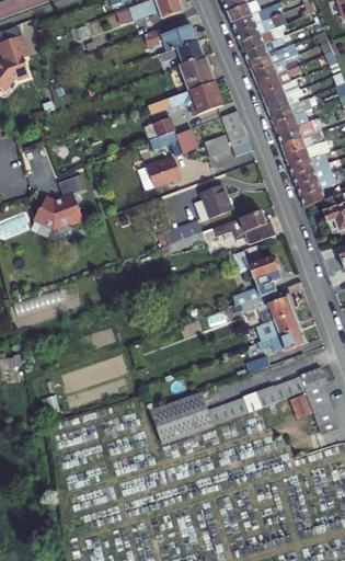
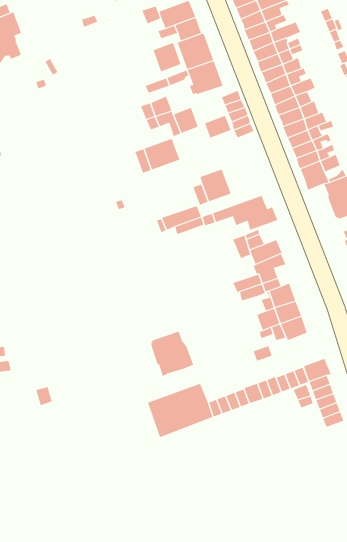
building: none -> [153,42,181,72]
building: [33,176,83,229] -> none
building: none -> [151,331,194,377]

